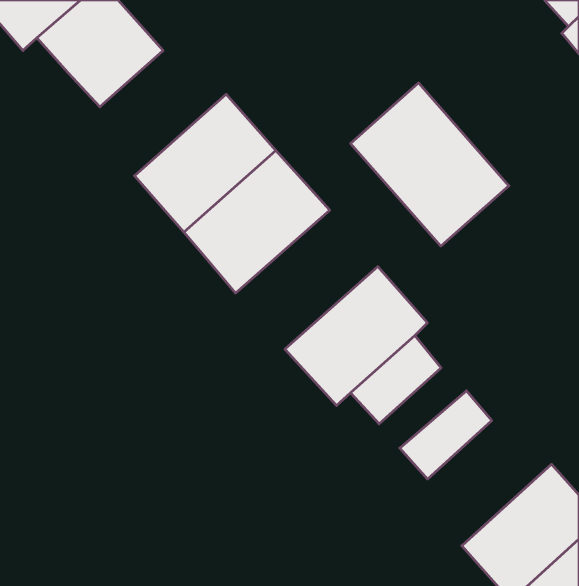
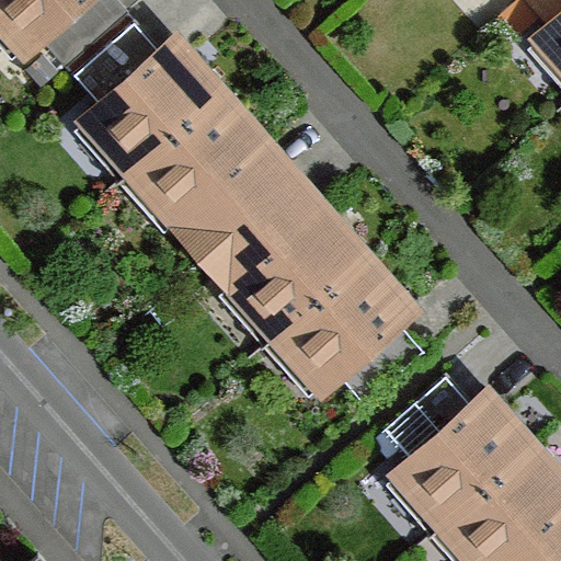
building: none -> [81,38,216,169]
building: [351,83,509,246] -> none
building: none -> [225,202,360,334]
building: none -> [394,392,526,522]

